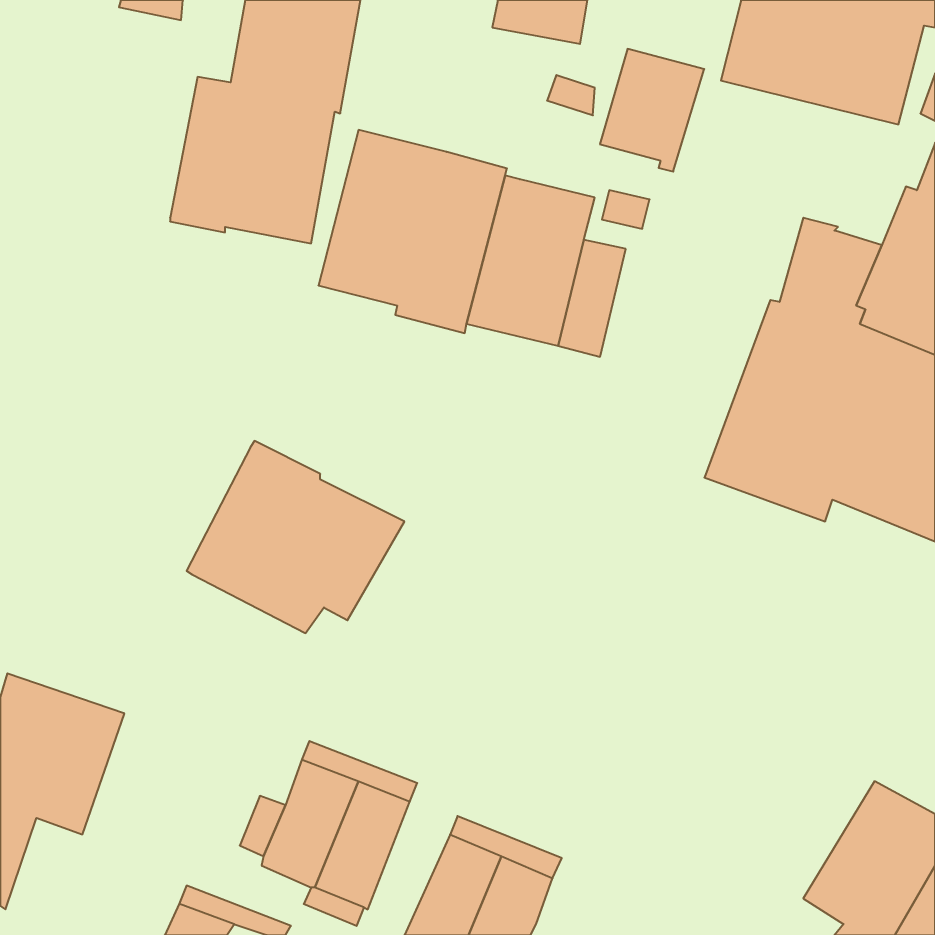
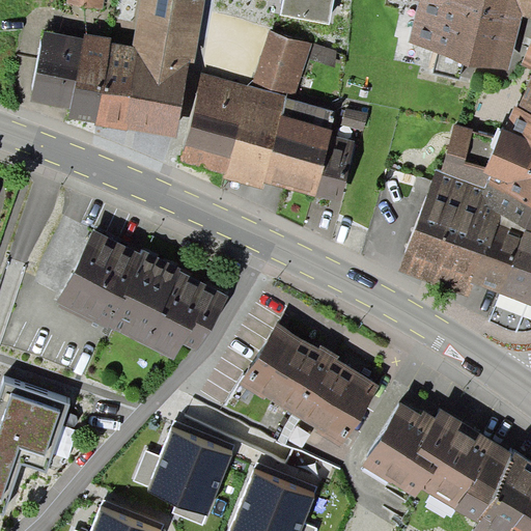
building: [600,49,704,172] -> [253,32,312,102]
building: none -> [30,31,113,123]
building: none -> [57,229,142,329]
building: none -> [239,322,379,447]
building: none -> [362,402,496,509]

